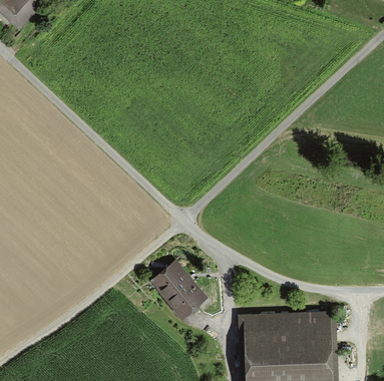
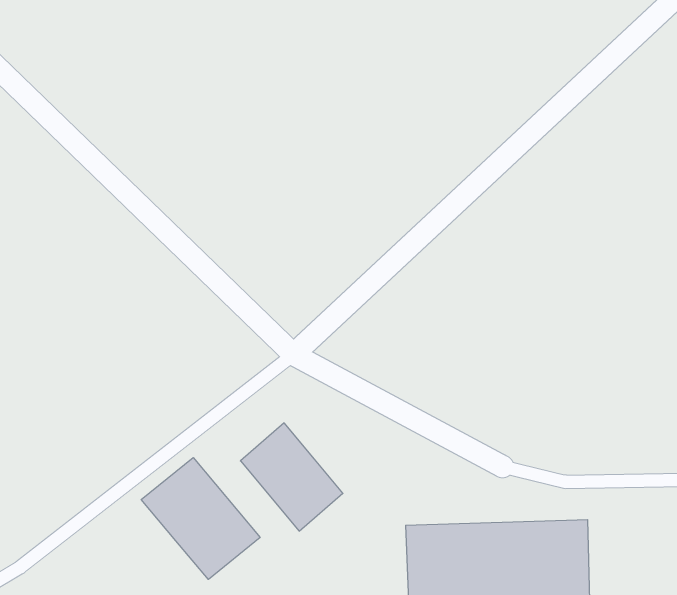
building: none -> [141,458,260,579]

